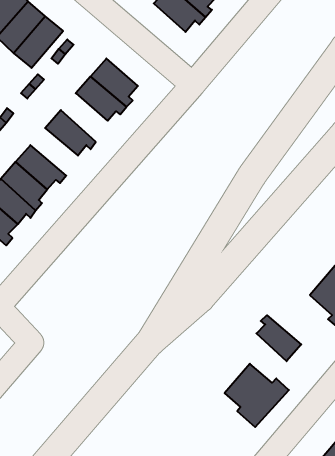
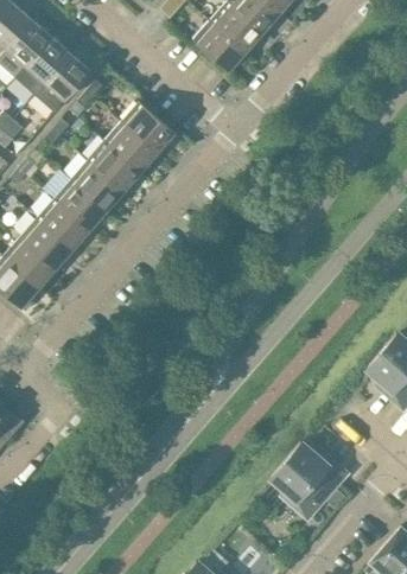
building: none -> [88,141,140,196]
building: none -> [53,180,107,234]
building: [256,315,301,361] -> none

